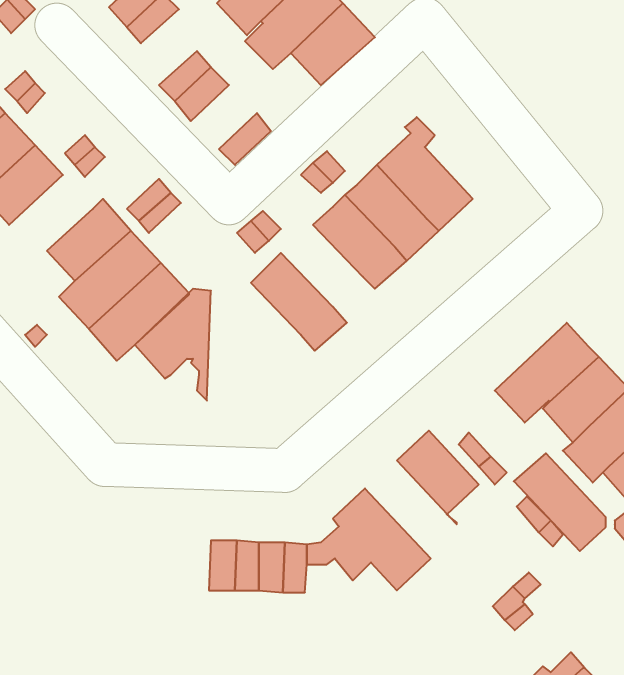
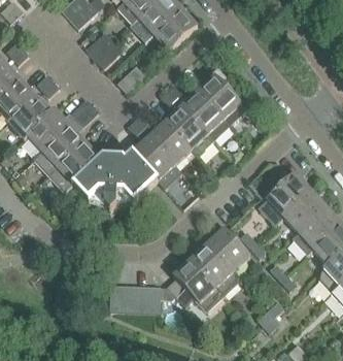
building: none -> [8,96,52,139]
building: none -> [148,122,191,164]
building: none -> [110,152,159,212]
building: [514,453,606,551] -> [192,243,239,294]

